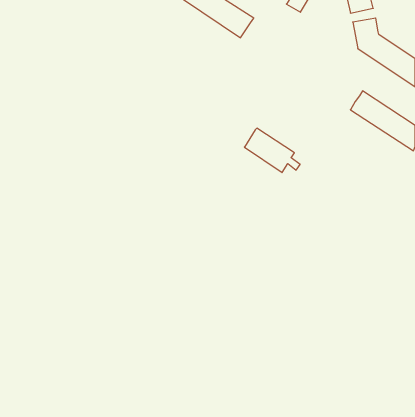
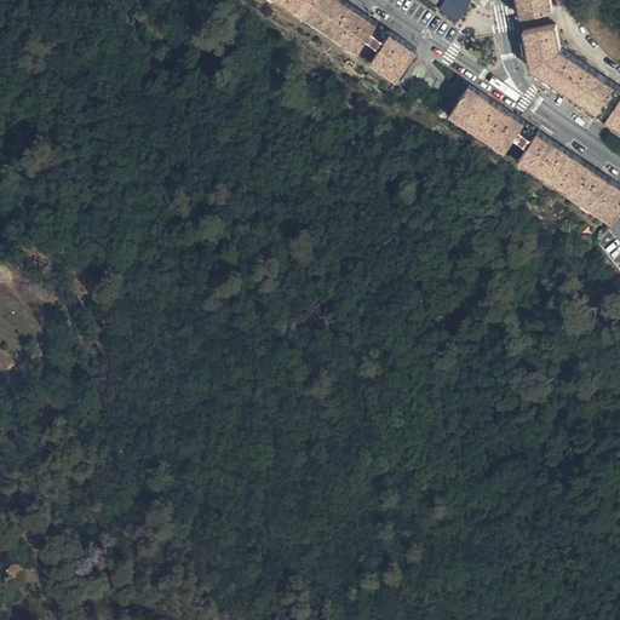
building: none -> [364,34,417,82]
building: [244,128,300,173] -> [449,88,532,154]

